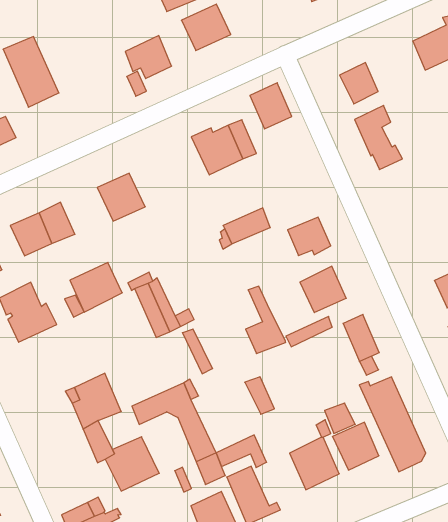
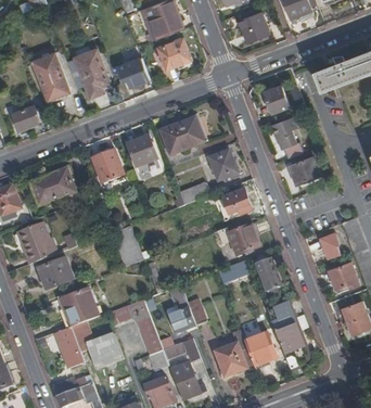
building: none -> [73,47,112,97]
building: [250,83,292,129] -> [208,150,236,181]
building: none -> [126,136,156,167]
building: none -> [290,154,320,182]
building: [70,262,122,312] -> [39,257,75,291]
building: [246,286,286,354] -> [168,284,195,331]
building: none -> [53,327,84,368]

